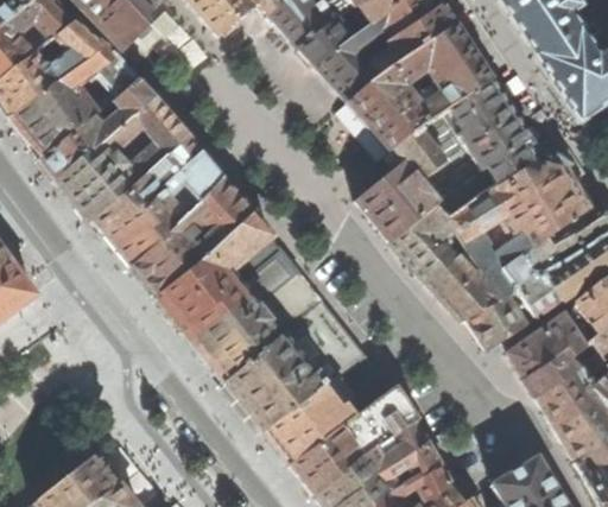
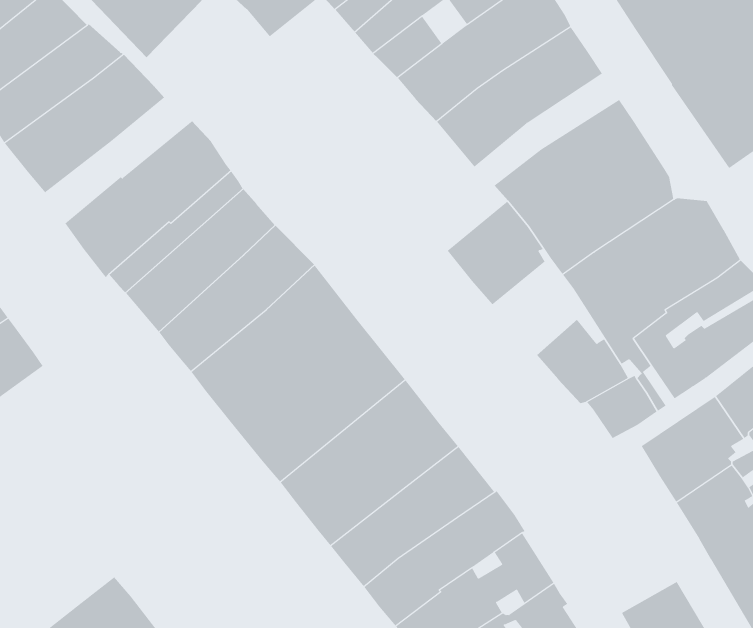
building: [378,59,492,150] -> none
building: [39,78,157,177] -> none
building: [392,204,466,280] -> none

